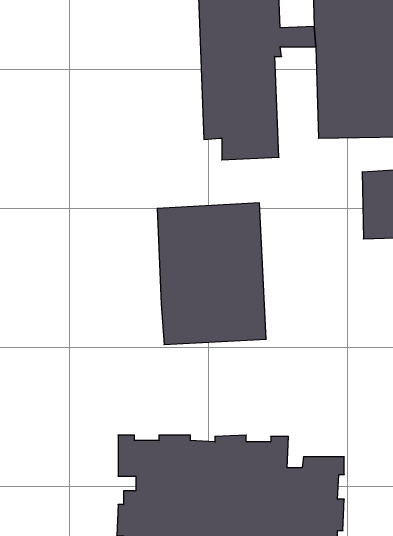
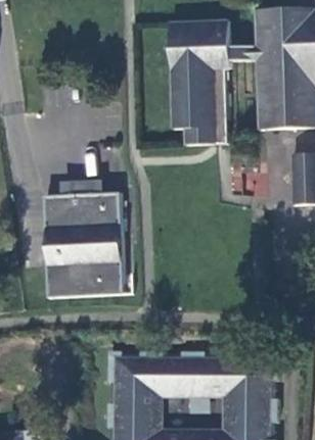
building: [157,203,266,345] -> [43,193,125,299]

